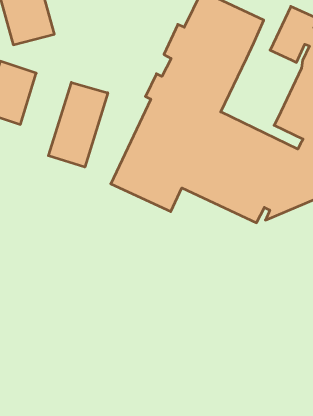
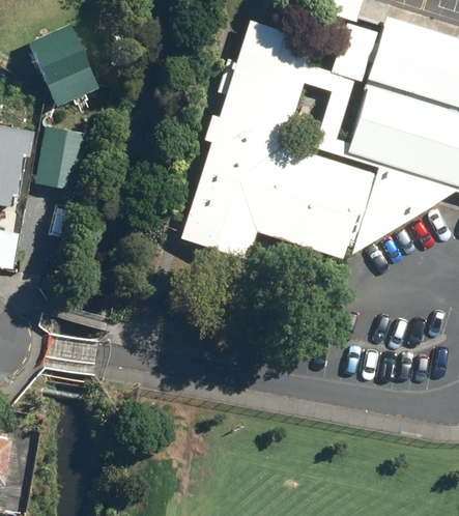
building: none -> [307,67,379,168]
building: [48,82,108,167] -> none

